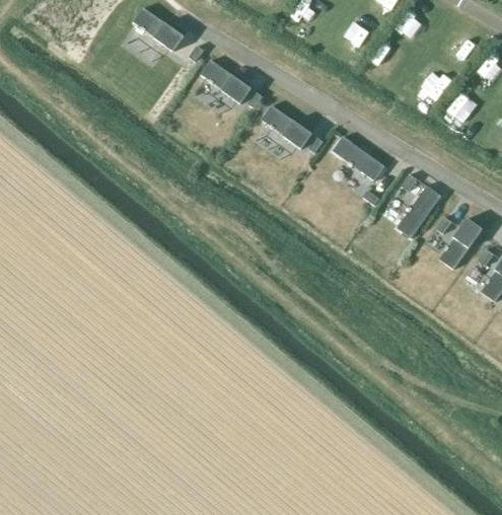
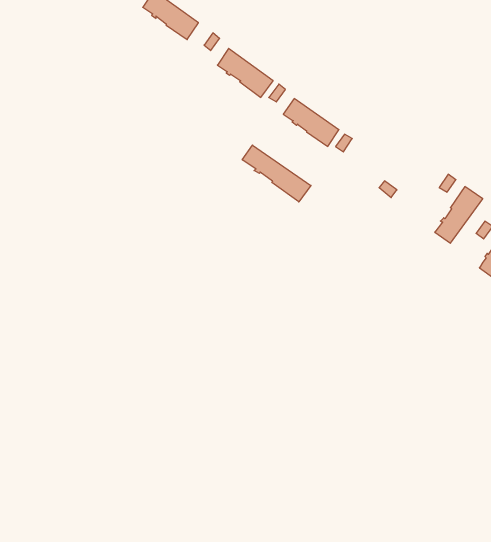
building: [330,136,381,179] -> none
building: none -> [242,145,311,202]

